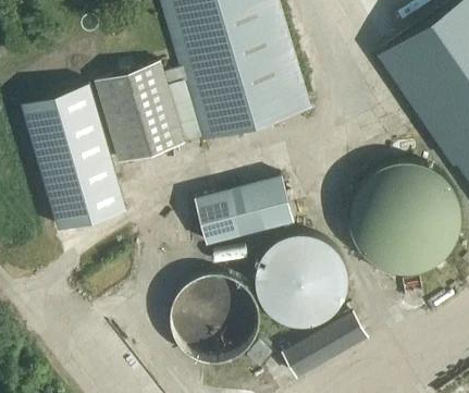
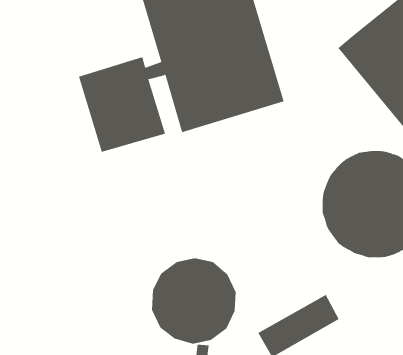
building: [23,85,128,231] -> none
building: [197,175,294,244] -> none
building: [258,234,349,326] -> none

